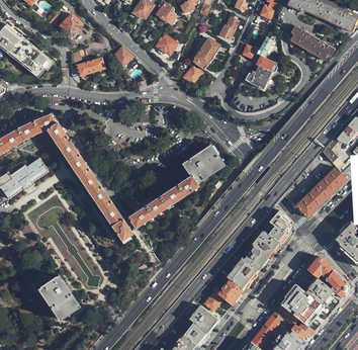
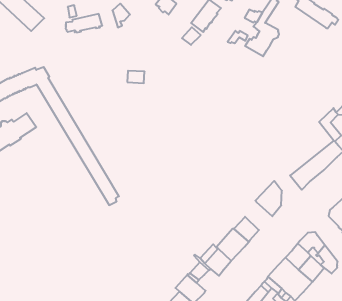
building: [127,146,222,229] -> none
building: [254,232,281,259] -> none
building: [37,275,79,319] -> none

